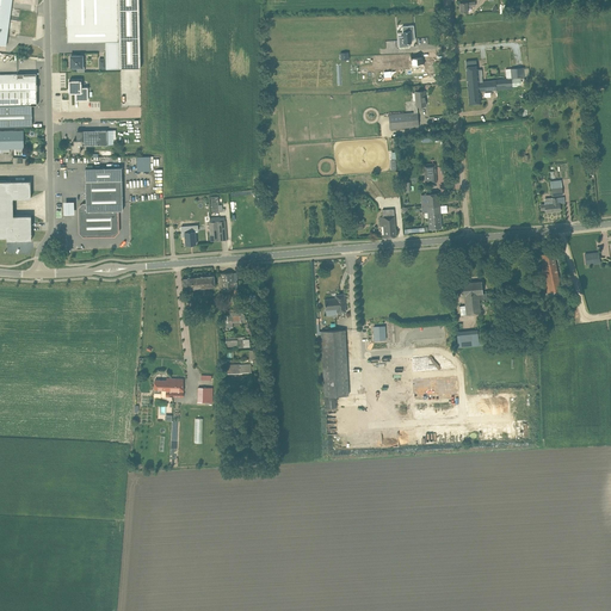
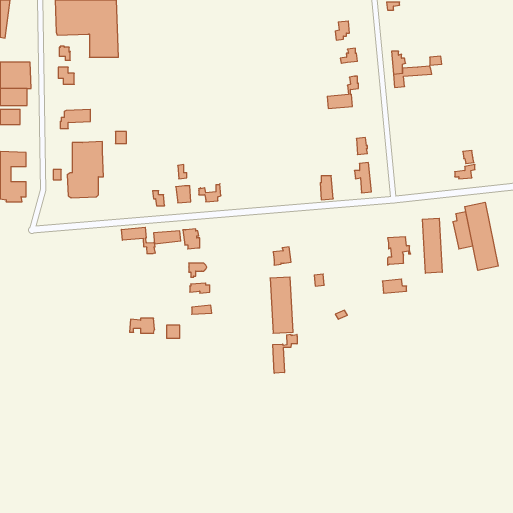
building: none -> [465,202,498,270]
building: none -> [422,218,442,273]
building: none -> [121,227,155,254]
building: none -> [273,334,297,373]

